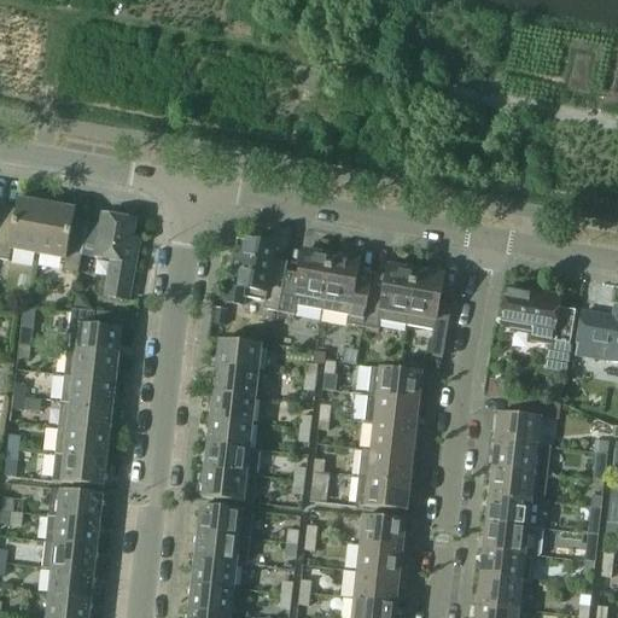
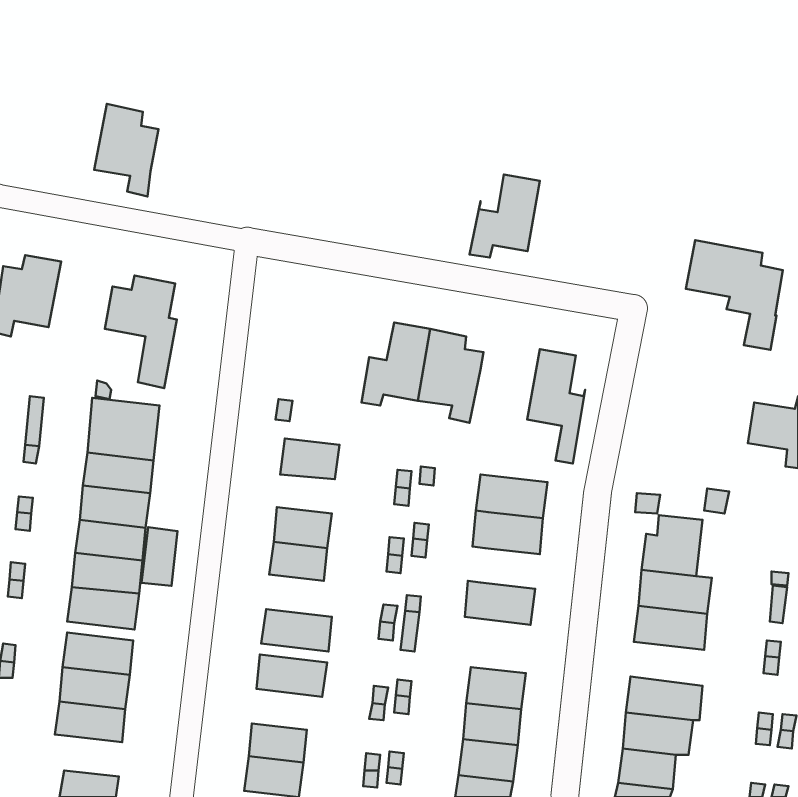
building: [37,202,87,273] -> [94,104,158,196]
building: [226,239,287,310] -> none
building: [362,264,416,328] -> [469,175,540,258]
building: [501,286,576,371] -> [686,240,783,350]
building: [214,366,258,396] -> none
building: none -> [142,527,178,586]
building: [371,422,416,454] -> none
building: [205,443,260,476] -> none
building: [355,476,409,509] -> none
building: [486,495,546,529] -> none
building: [194,531,249,562] -> none
building: [49,567,94,599] -> none

